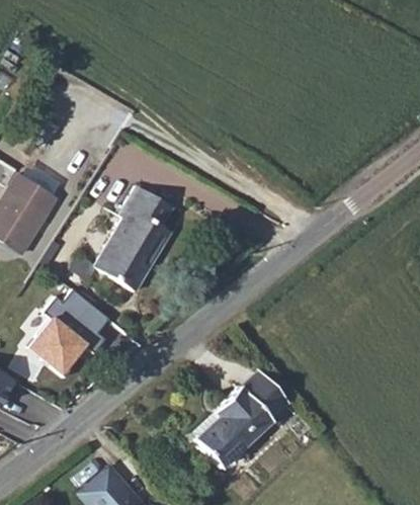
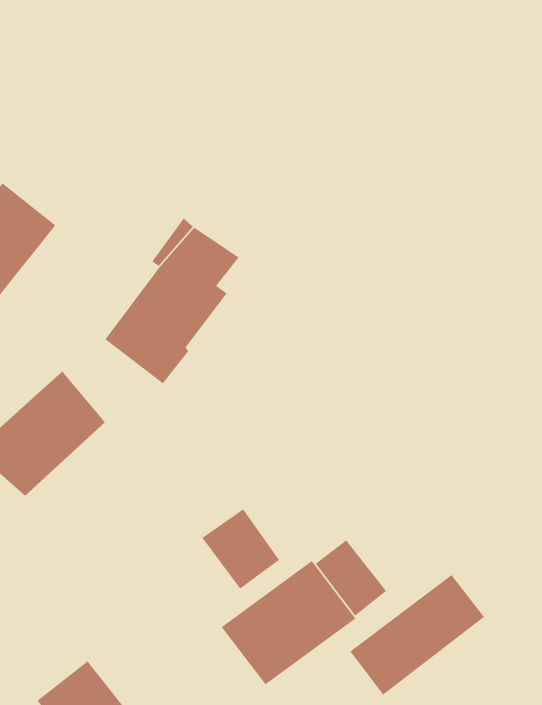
building: none -> [201,508,280,589]
building: none -> [350,574,485,695]

